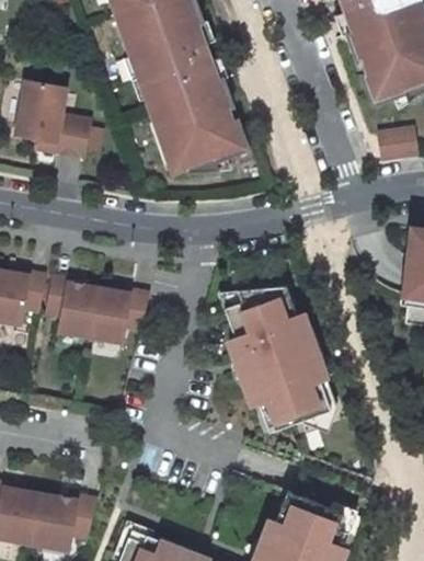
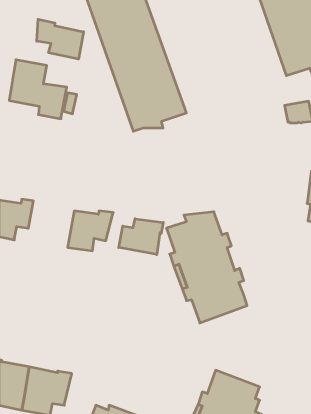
building: none -> [37,19,84,59]
building: [45,271,99,331] -> none
building: none -> [119,219,163,255]

